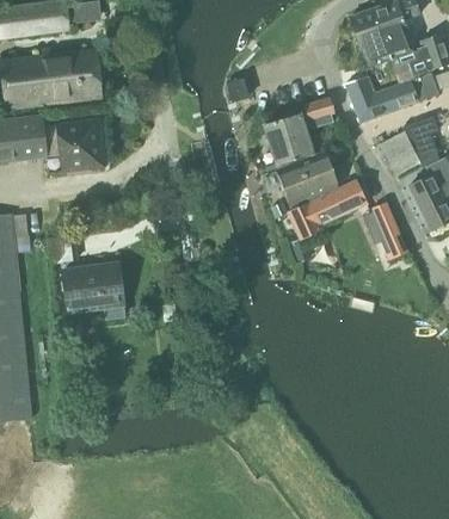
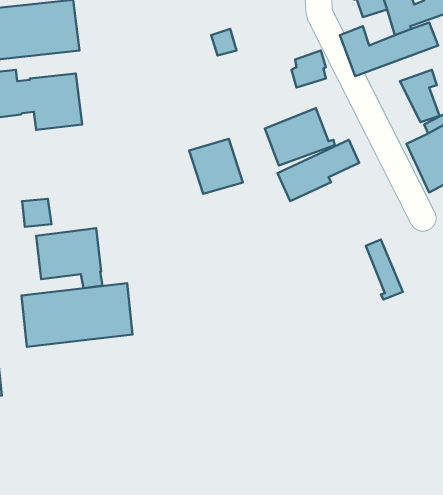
building: [263,113,313,165] -> [189,139,243,194]
building: [379,130,419,174] -> none
building: [371,202,406,258] -> [366,240,403,300]
building: none -> [21,283,132,347]

